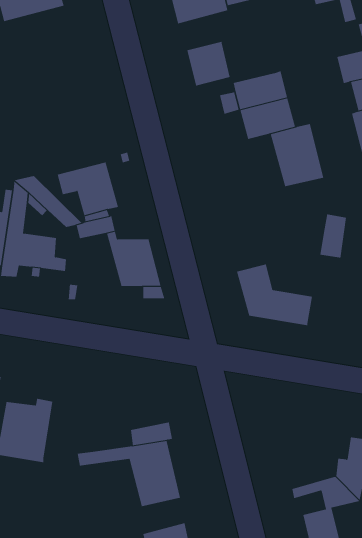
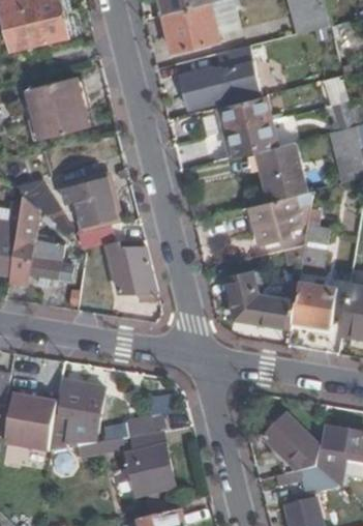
building: none -> [212,47,260,106]
building: none -> [26,77,88,140]
building: none -> [248,191,313,243]
building: none -> [291,283,335,332]
building: none -> [62,385,100,447]
building: none -> [265,417,315,468]

